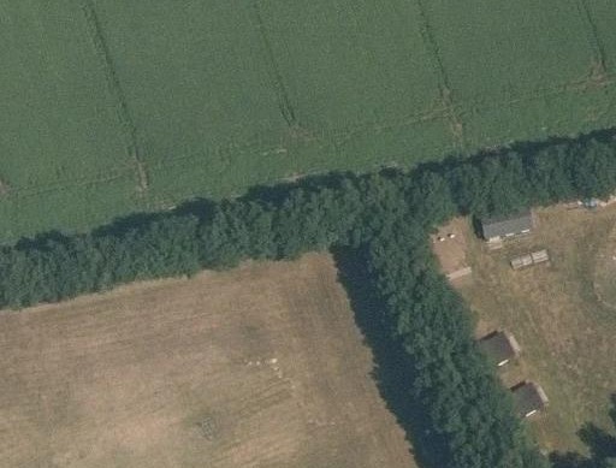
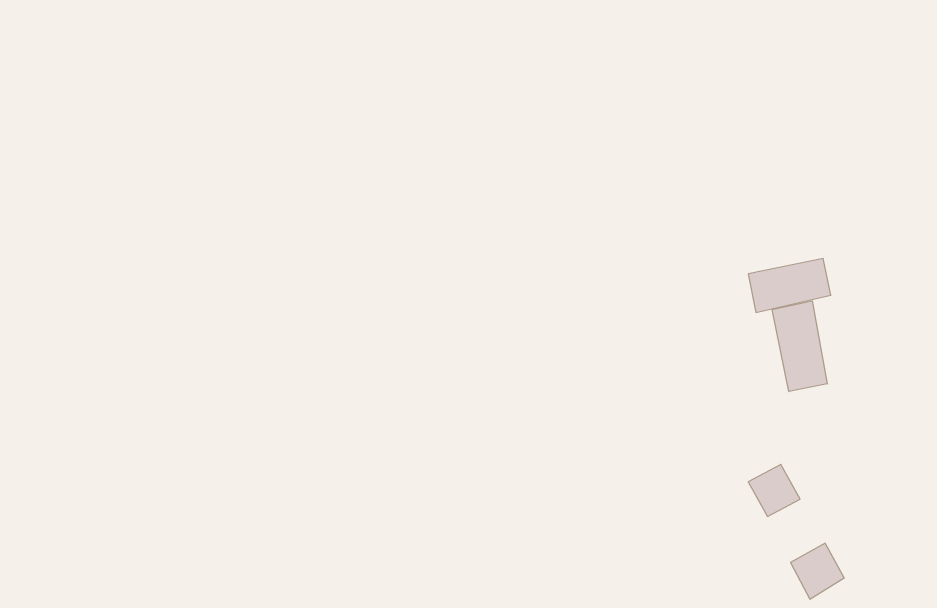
building: none -> [772,301,827,392]

